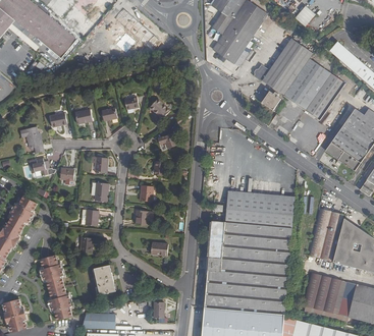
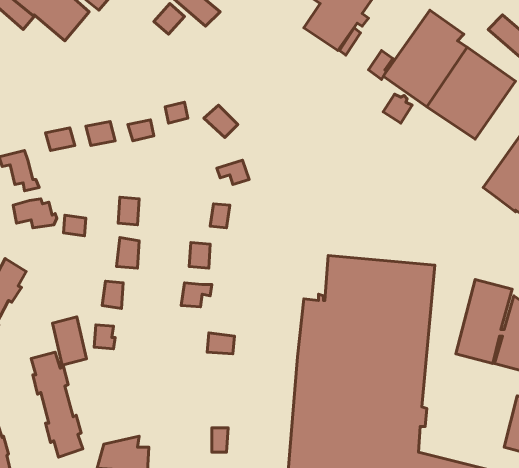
building: [94,264,115,294] -> [53,317,86,365]
building: [304,272,340,313] -> none

